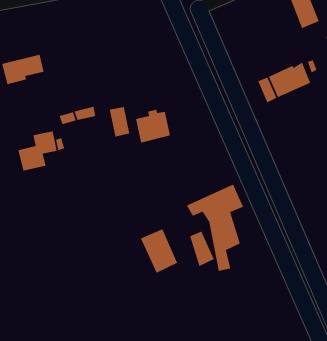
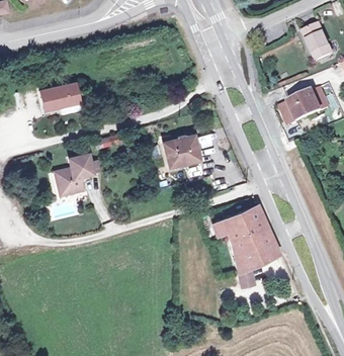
building: [109,106,130,137] -> none
building: [140,228,178,274] -> none
building: [189,230,215,267] -> [253,226,277,260]

